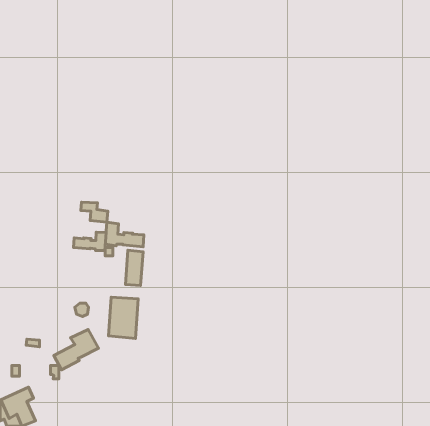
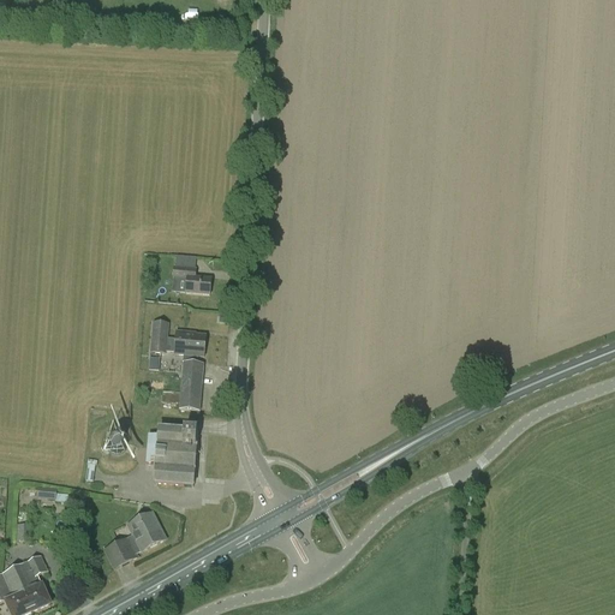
building: [81,202,108,222] -> [173,263,211,292]
building: [73,232,106,250] -> none
building: [54,329,98,370] -> [103,509,167,567]

